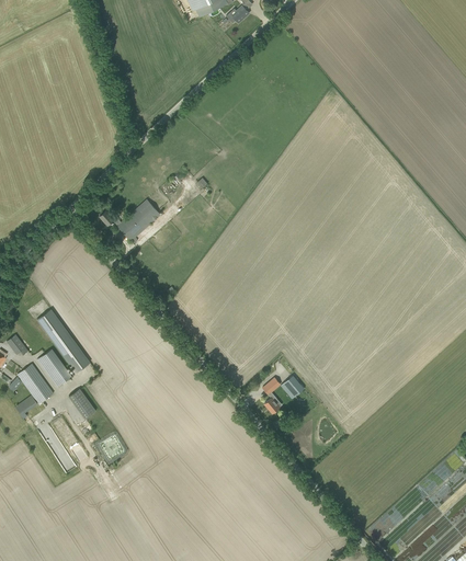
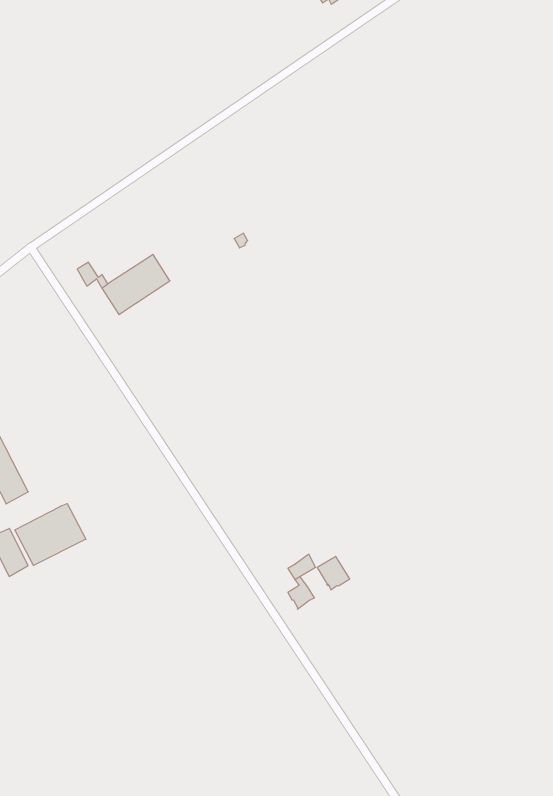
building: none -> [15,504,86,566]

